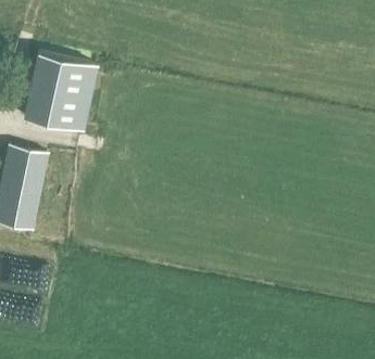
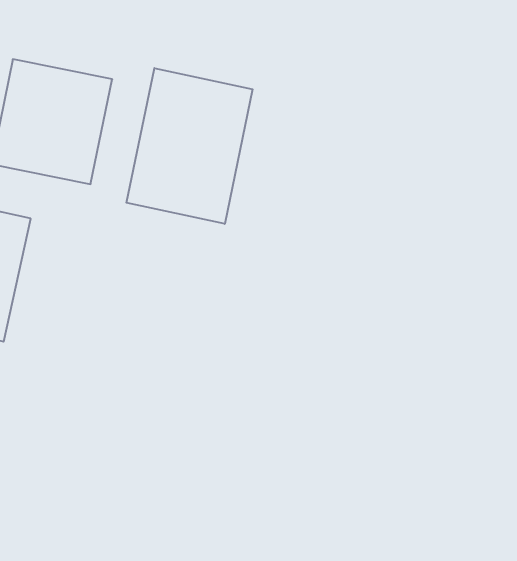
building: none -> [126,68,253,224]

